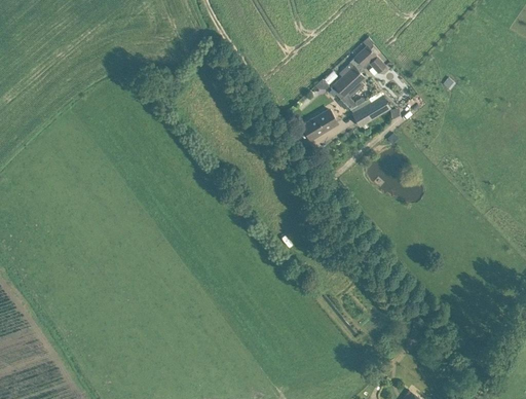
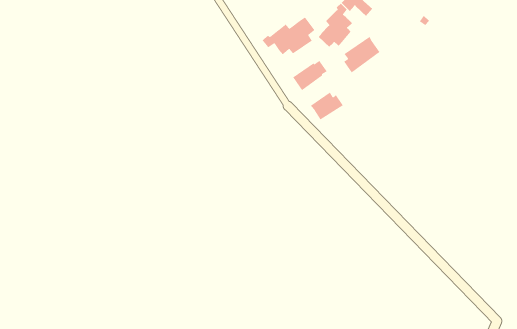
building: none -> [262,16,315,55]
building: none -> [310,92,344,120]

